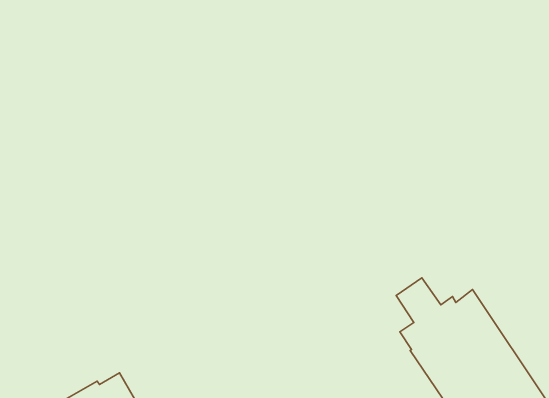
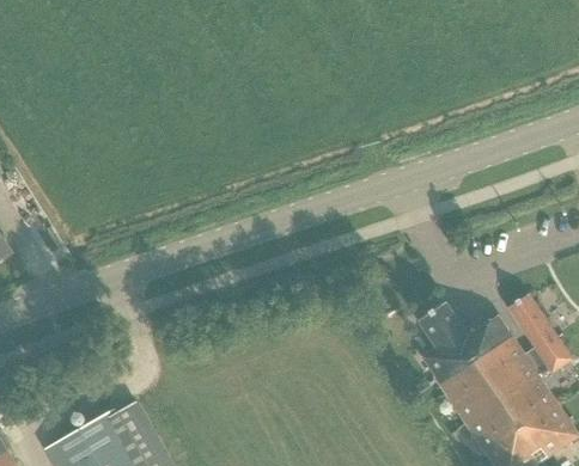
building: none -> [507,296,571,374]

